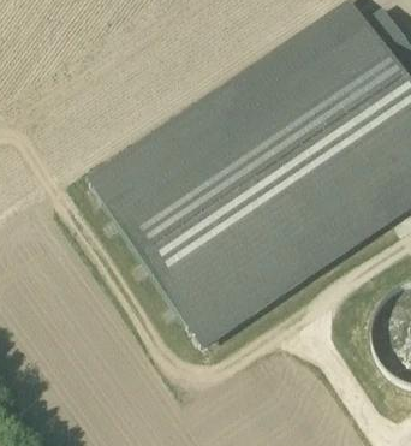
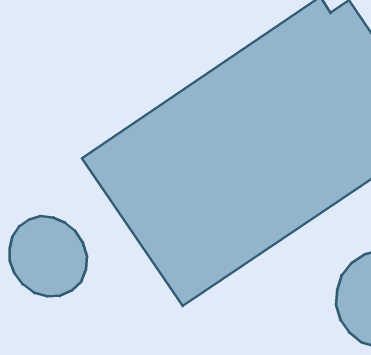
building: none -> [10,216,87,296]

